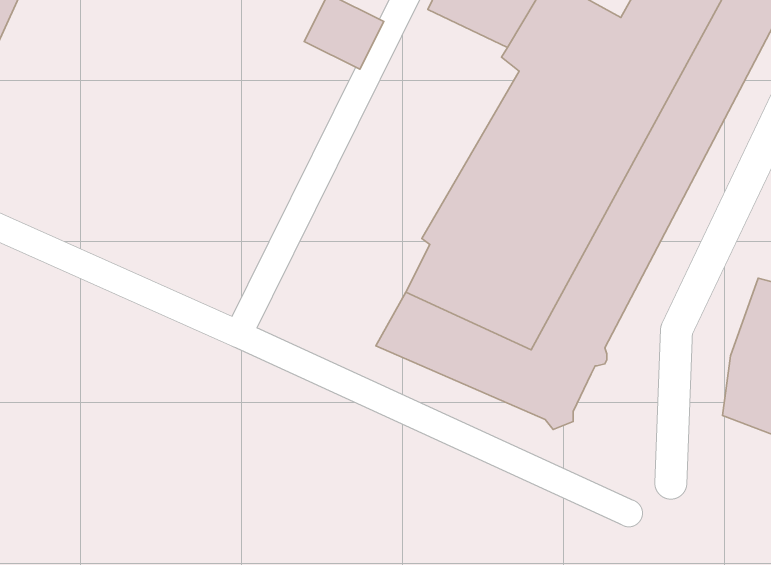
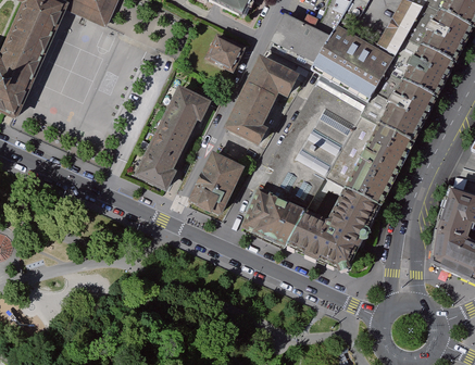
building: none -> [225,55,300,146]
building: none -> [136,88,208,189]
building: none -> [190,154,242,215]

